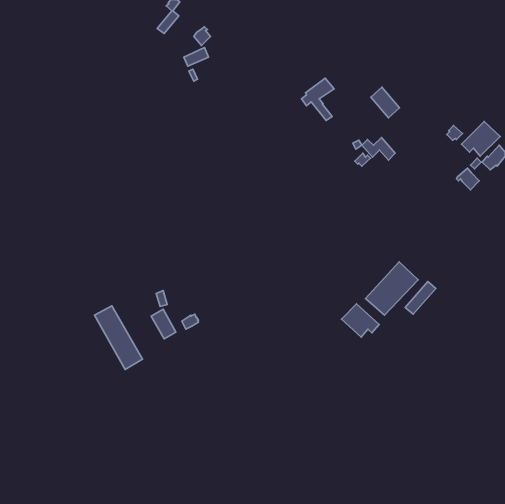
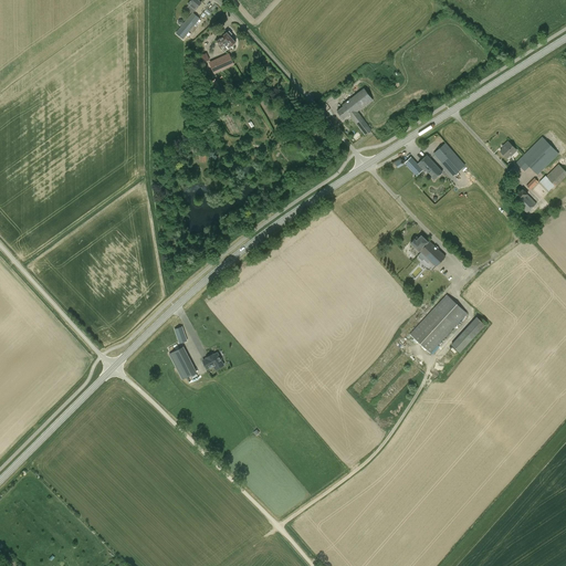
building: [371,87,399,118] -> [433,142,465,176]
building: none -> [410,234,446,266]
building: [341,304,379,337] -> none
building: [95,306,142,370] -> none

